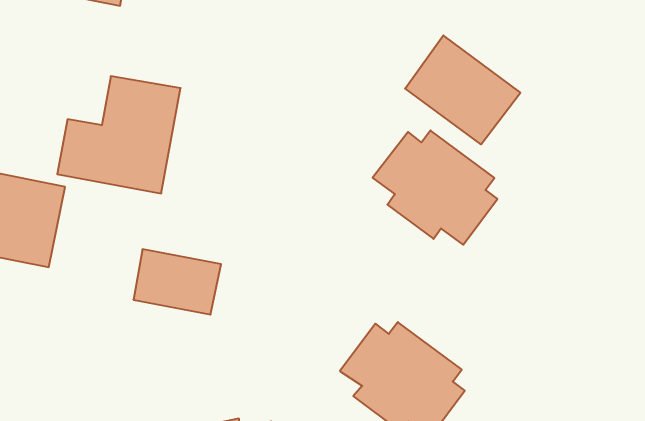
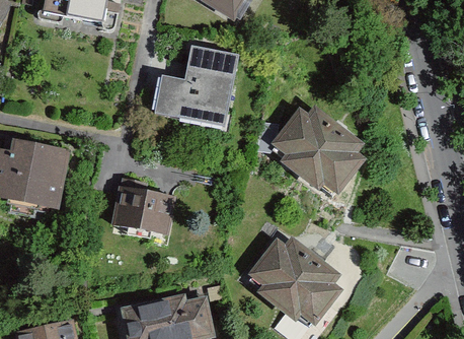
building: [405,35,520,144] -> none
building: [57,76,181,193] -> [154,44,238,124]

